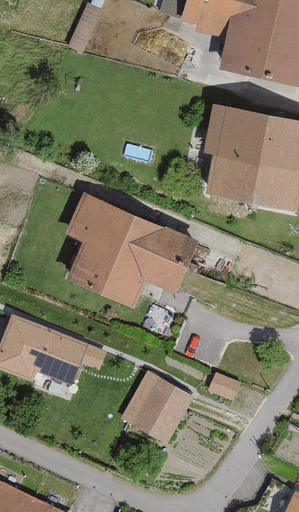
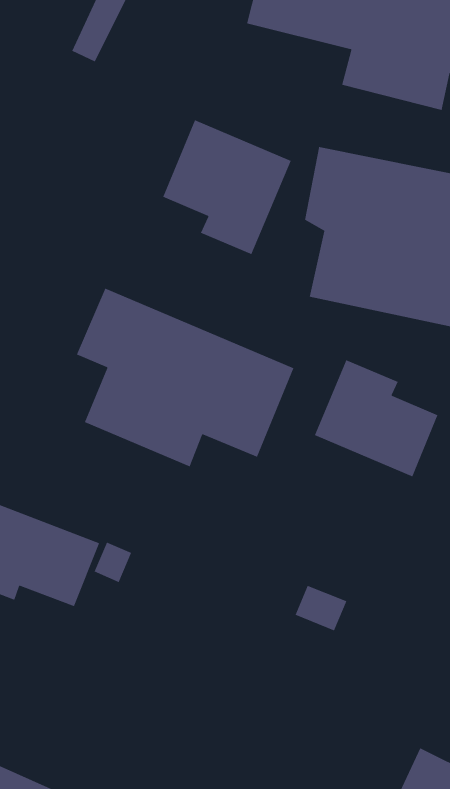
building: none -> [162,119,292,255]
building: none -> [314,359,439,478]
building: [126,373,190,443] -> none

